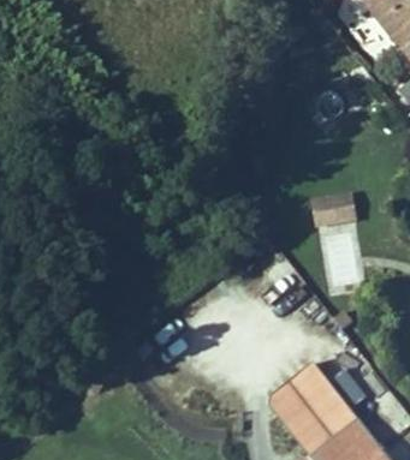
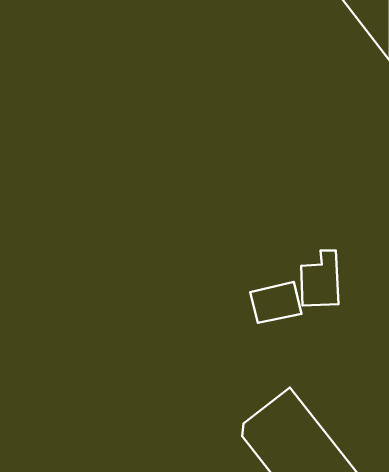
building: [310,190,358,228] -> [250,282,302,323]

